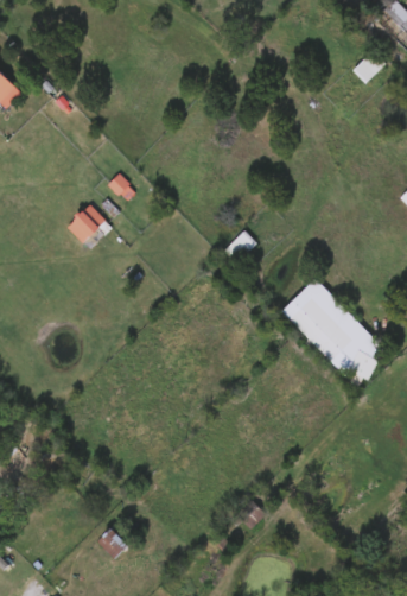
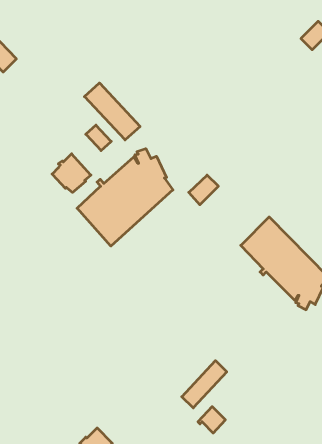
building: none -> [84,83,140,140]
building: none -> [77,149,173,246]
building: none -> [182,361,227,408]

